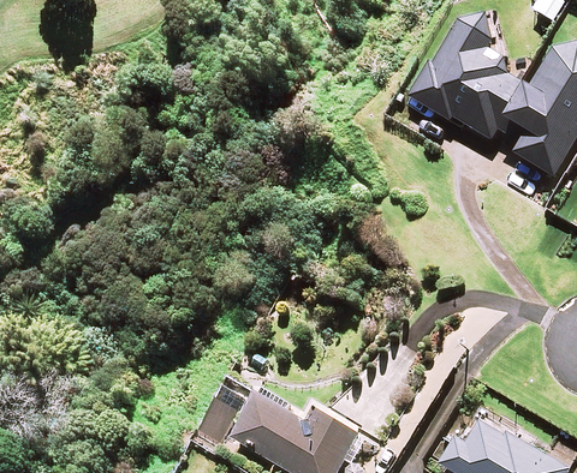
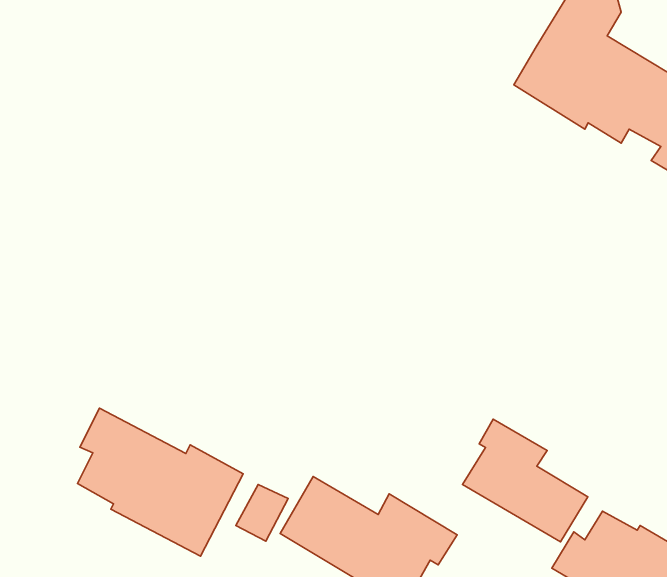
building: none -> [77,408,243,556]
building: none -> [462,419,588,542]

